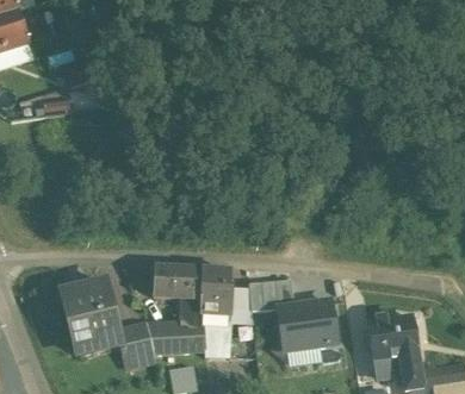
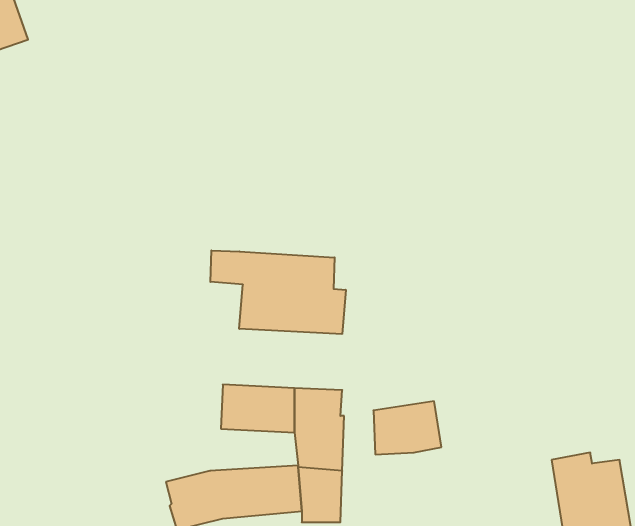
building: none -> [210,250,346,334]
building: [60,281,119,351] -> none
building: [277,301,336,350] -> none

